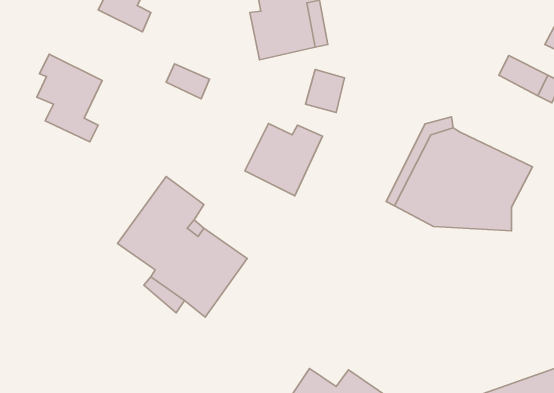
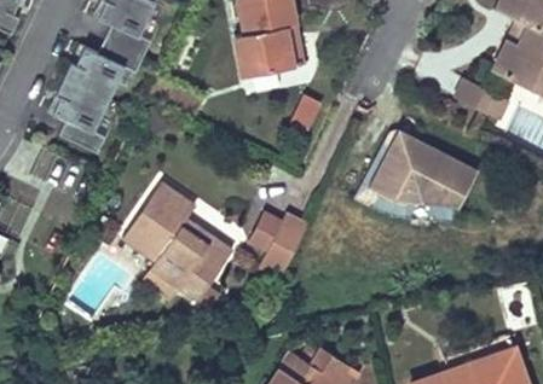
building: none -> [64,39,145,100]
building: [245,124,323,196] -> [241,209,308,272]

